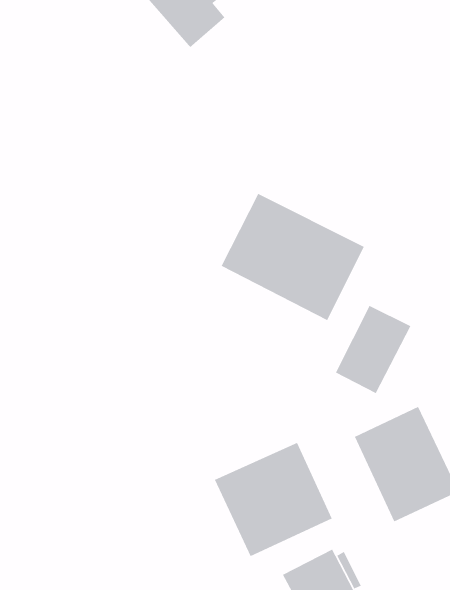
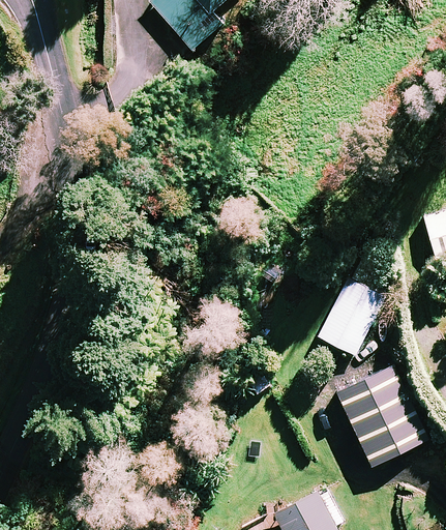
building: [221,193,365,321] -> none
building: [214,442,333,557] -> none

